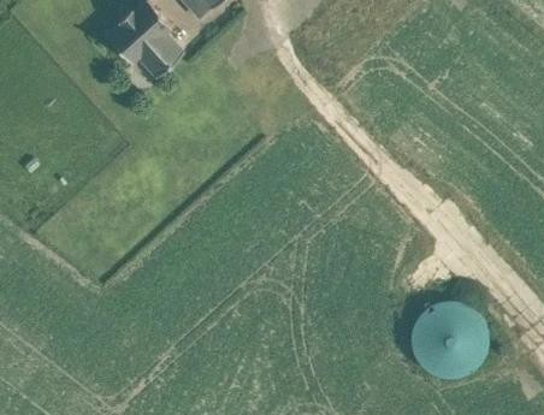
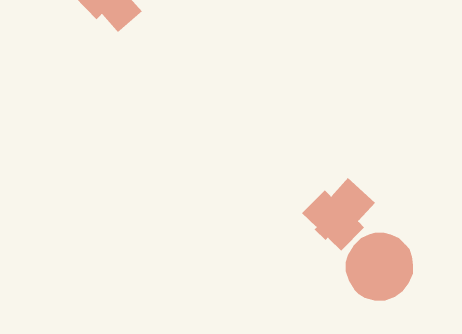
building: none -> [301,177,376,251]

